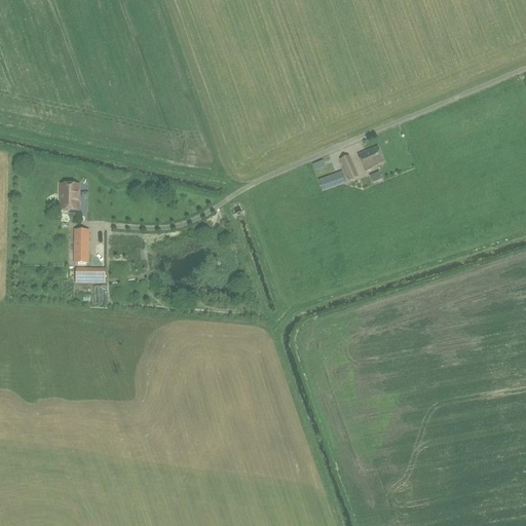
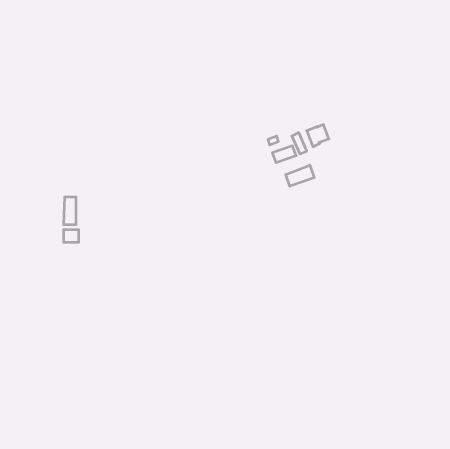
building: [60,183,79,209] -> none
building: none -> [286,165,314,186]

